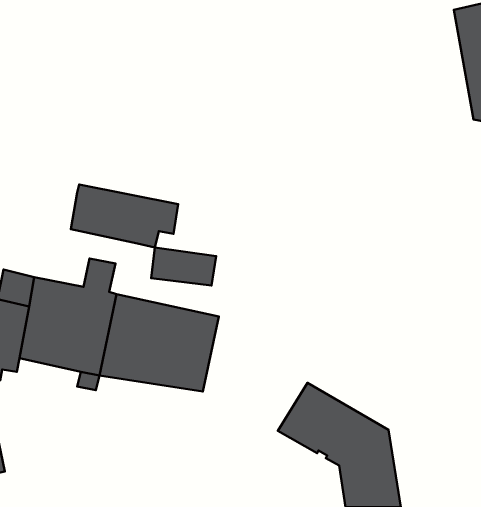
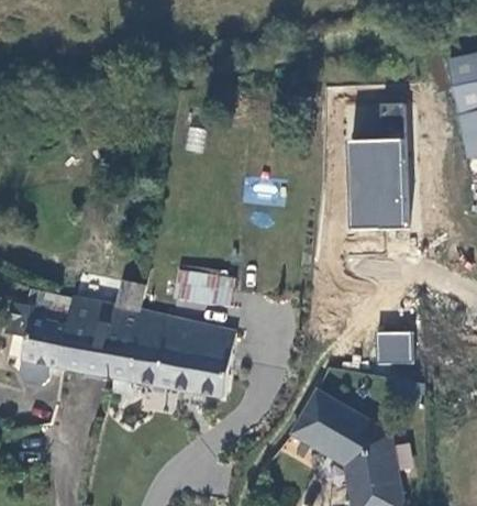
building: none -> [346,99,410,227]
building: [71,184,178,247] -> none
building: none -> [376,329,412,362]

